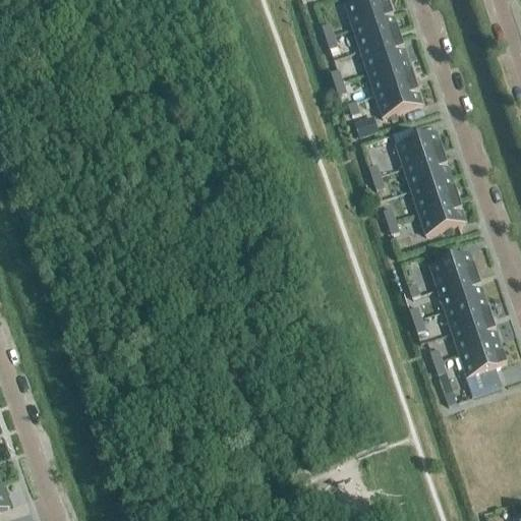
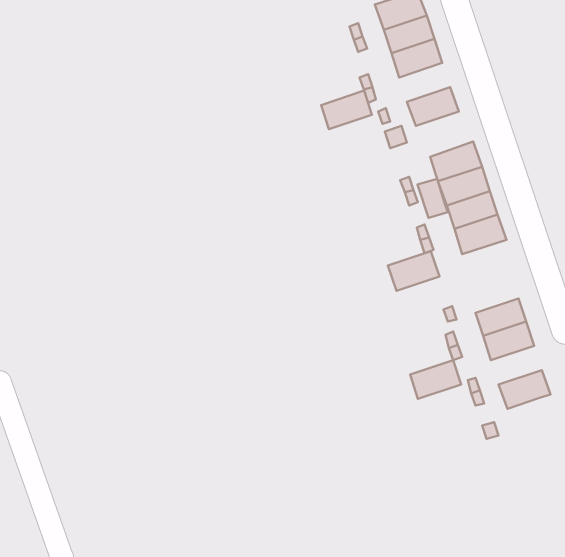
building: [367,58,414,94] -> [321,91,372,129]
building: none -> [418,179,448,218]
building: [429,251,477,288] -> [388,251,440,291]
building: [452,319,499,354] -> [410,360,461,399]
building: [467,366,504,396] -> none

